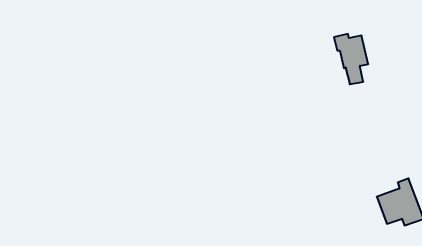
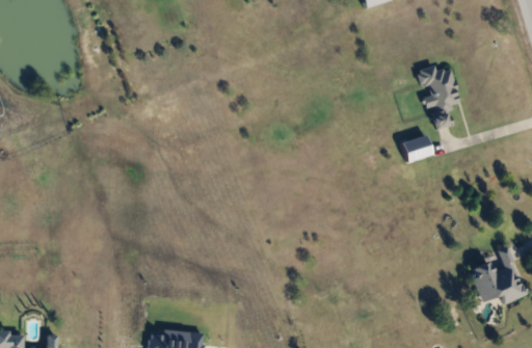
building: none -> [400,134,431,162]

